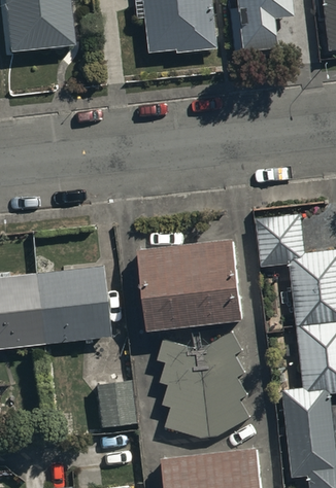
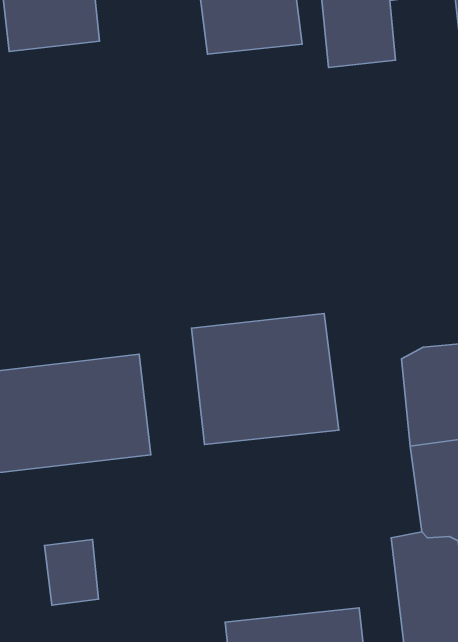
building: [256,218,303,271] -> none
building: [158,325,250,440] -> none
building: [98,382,136,428] -> [45,540,98,605]

